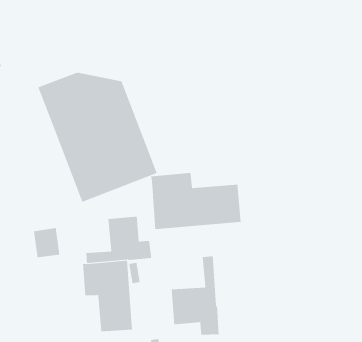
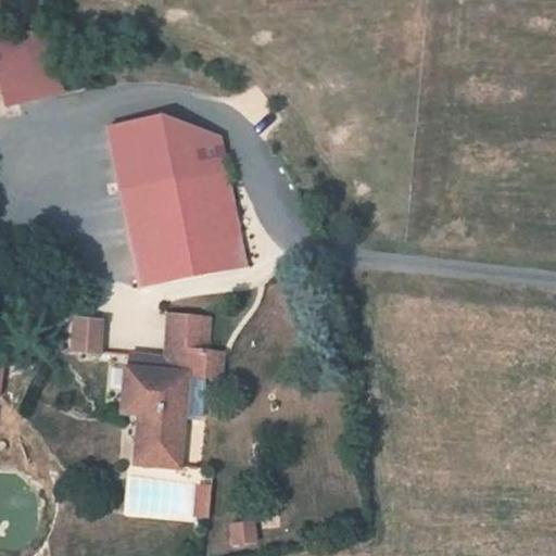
building: [151,172,241,230] -> none
building: [171,256,219,335] -> none

